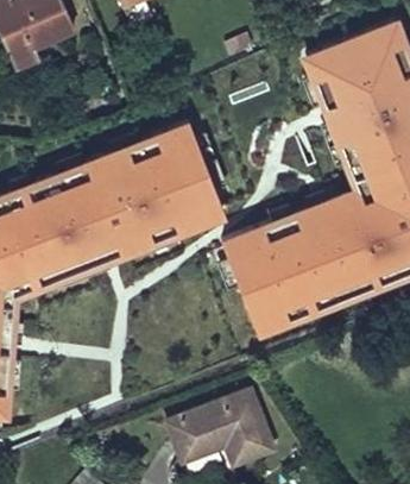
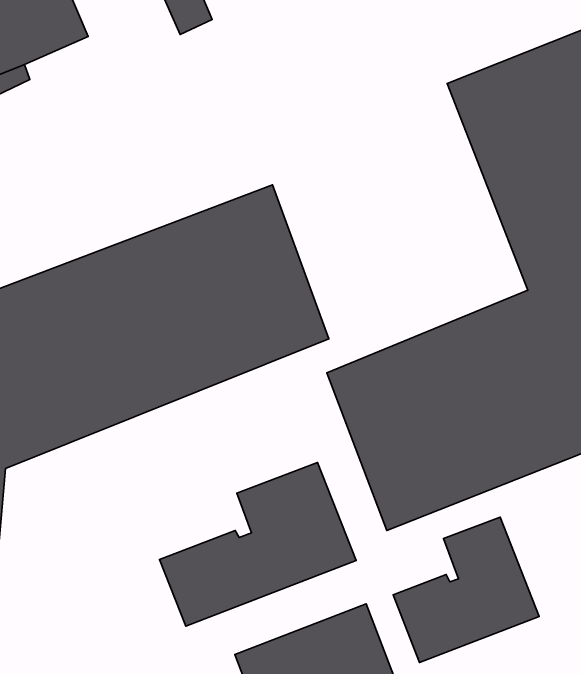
building: none -> [160,462,356,626]
building: none -> [393,517,539,663]

